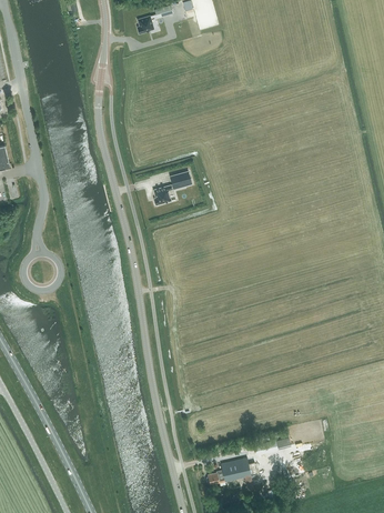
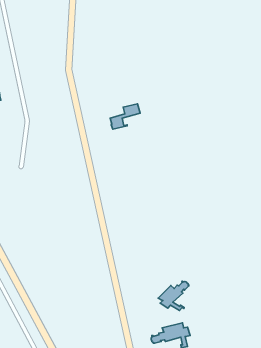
building: none -> [158,281,189,311]

